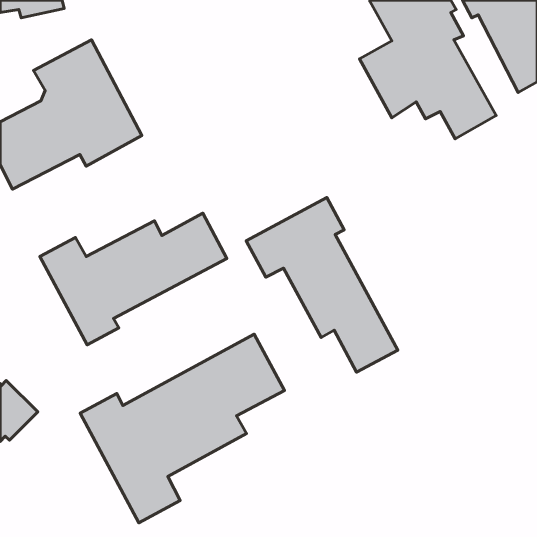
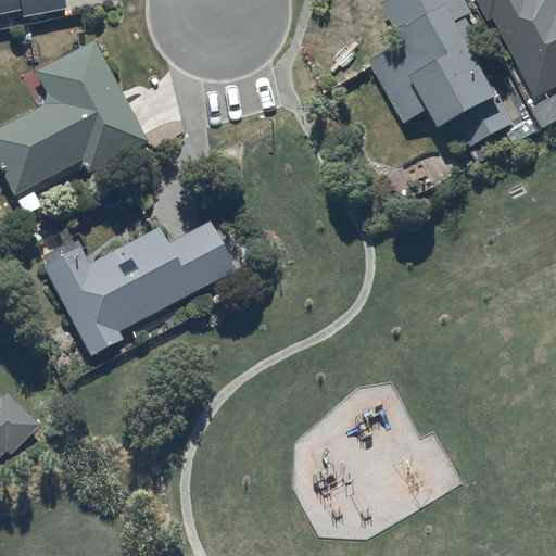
building: [246,198,398,372] -> none
building: [80,334,284,523] -> none

